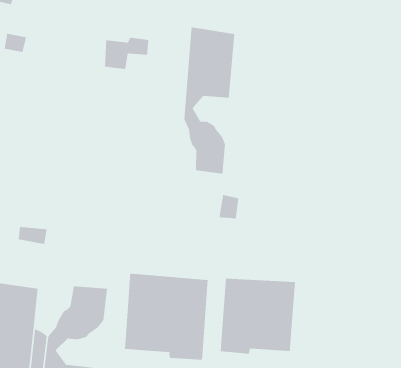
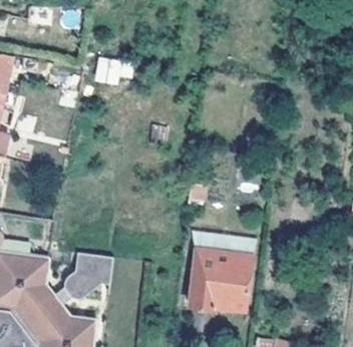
building: [184,27,235,174] -> none
building: [125,273,208,360] -> none

